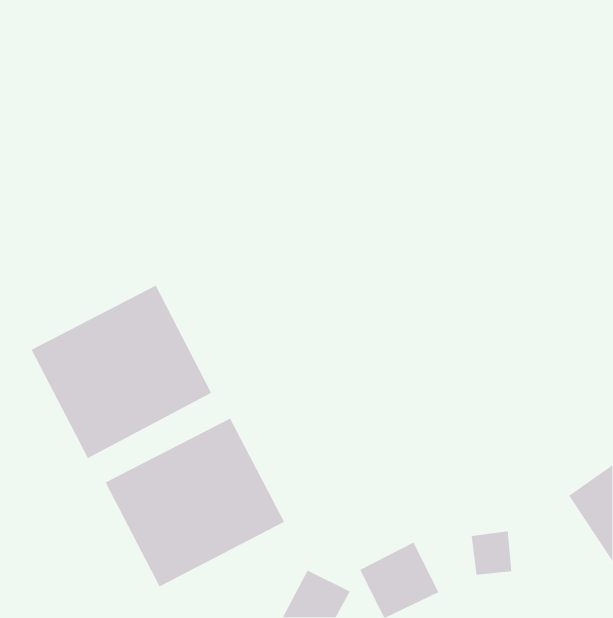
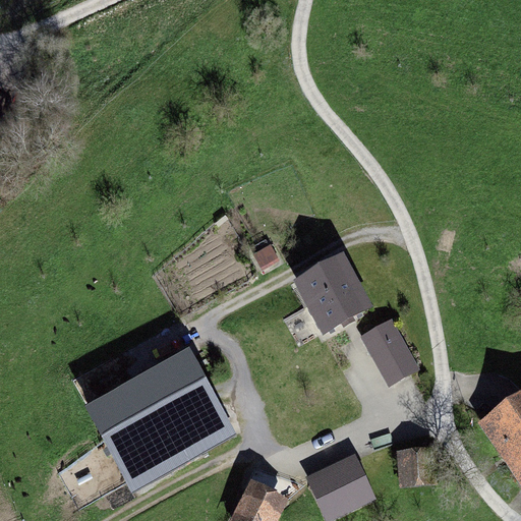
building: [30,284,212,459] -> none
building: none -> [297,255,362,324]
building: none -> [358,319,408,381]

